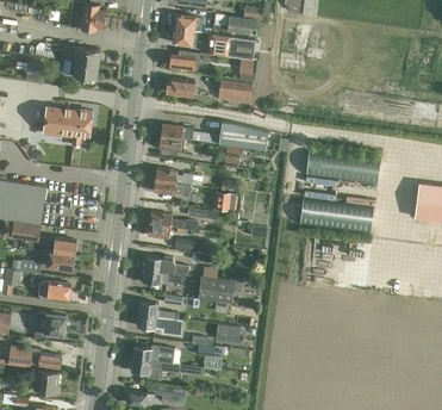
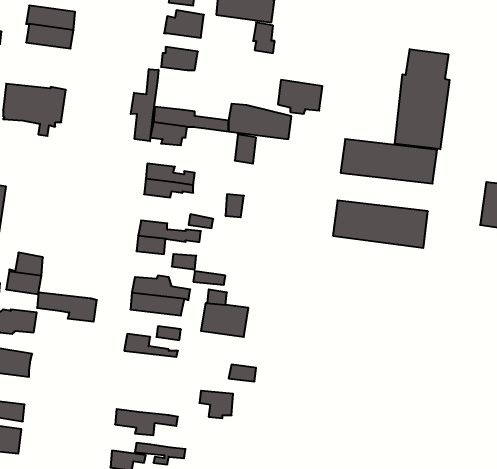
building: none -> [395,49,450,149]
building: [217,81,251,107] -> [278,80,322,114]
building: none -> [131,69,158,141]
building: [136,315,182,337] -> [37,292,97,322]
building: [131,346,174,365] -> none

